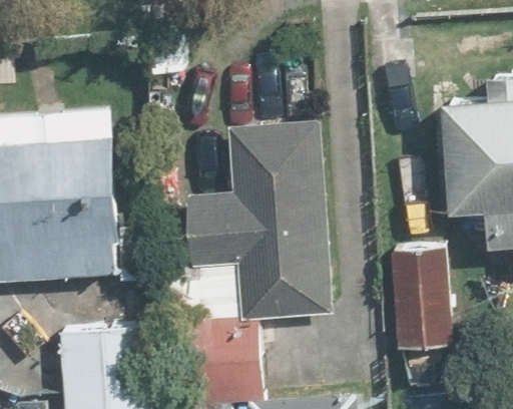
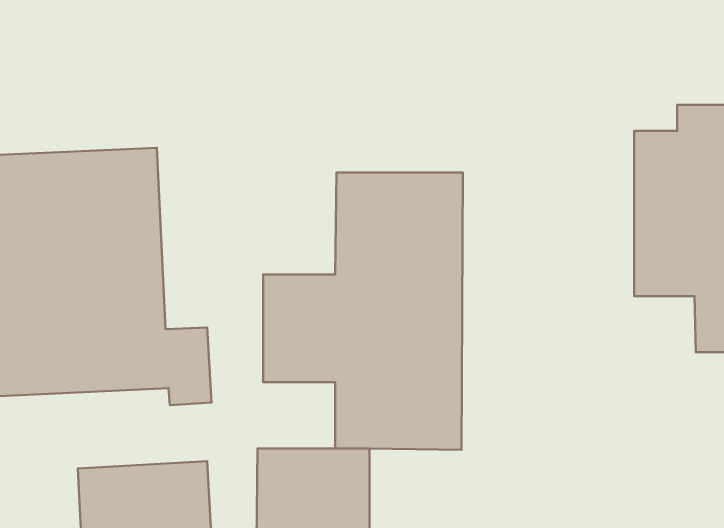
building: [392,252,453,353] -> none

